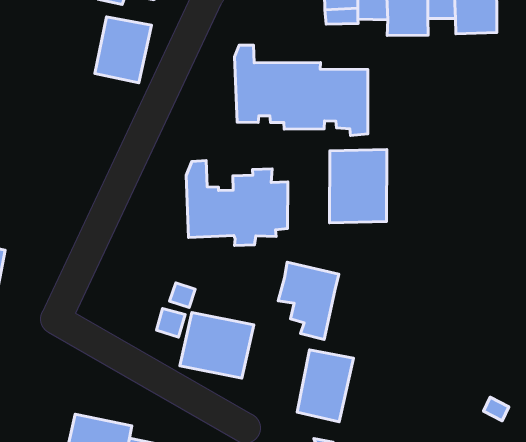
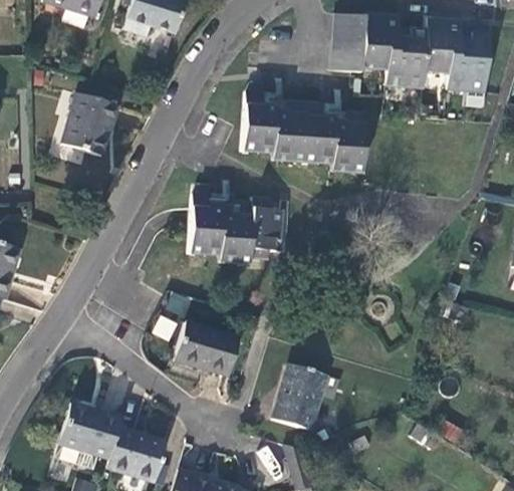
building: [95,17,152,83] -> [64,93,119,156]
building: [329,150,387,223] -> none
building: [278,262,339,339] -> none

